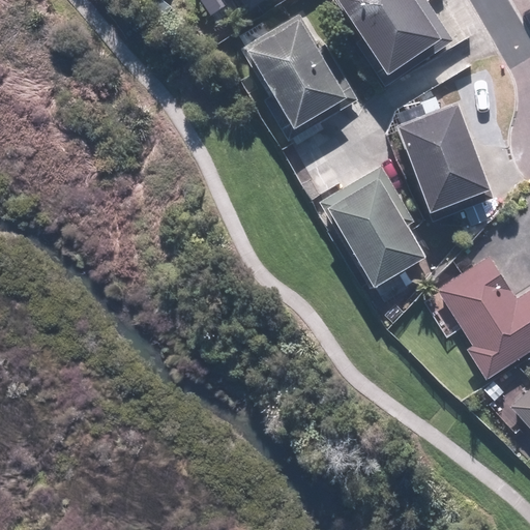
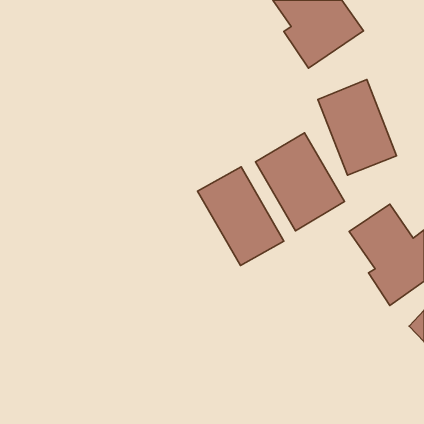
building: [246,16,348,135] -> none
building: none -> [198,167,284,265]

